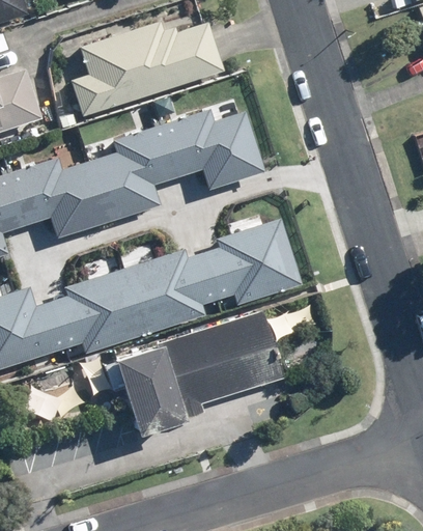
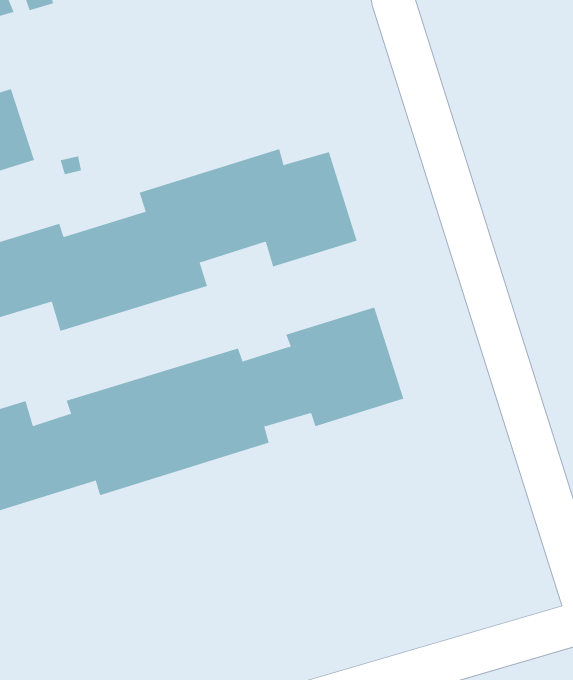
building: [70,18,224,113] -> none
building: [112,309,283,431] -> none

